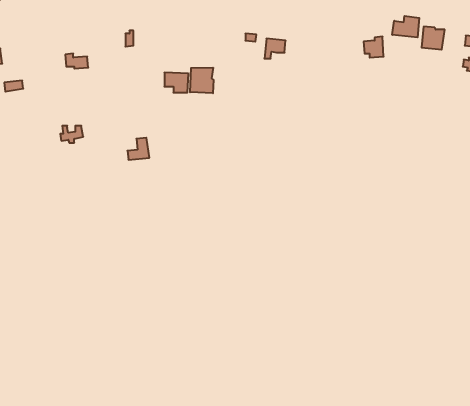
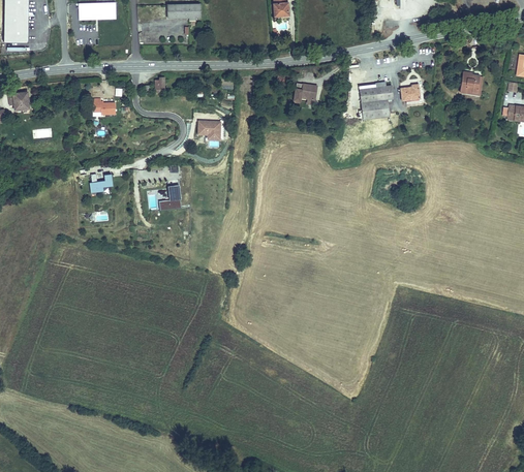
building: [392,16,419,37] -> none
building: none -> [362,80,395,116]
building: [190,68,214,93] -> none

